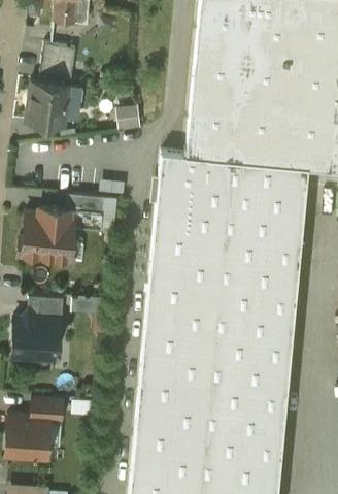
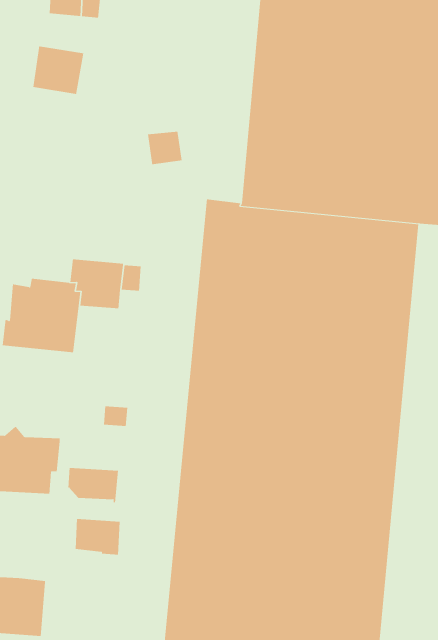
building: [26,80,67,127] -> none
building: [27,297,63,322] -> [67,467,119,503]
building: [30,396,62,422] -> [75,518,120,555]

